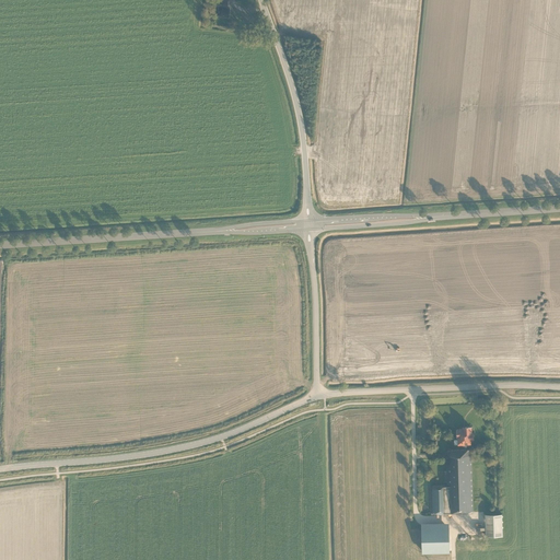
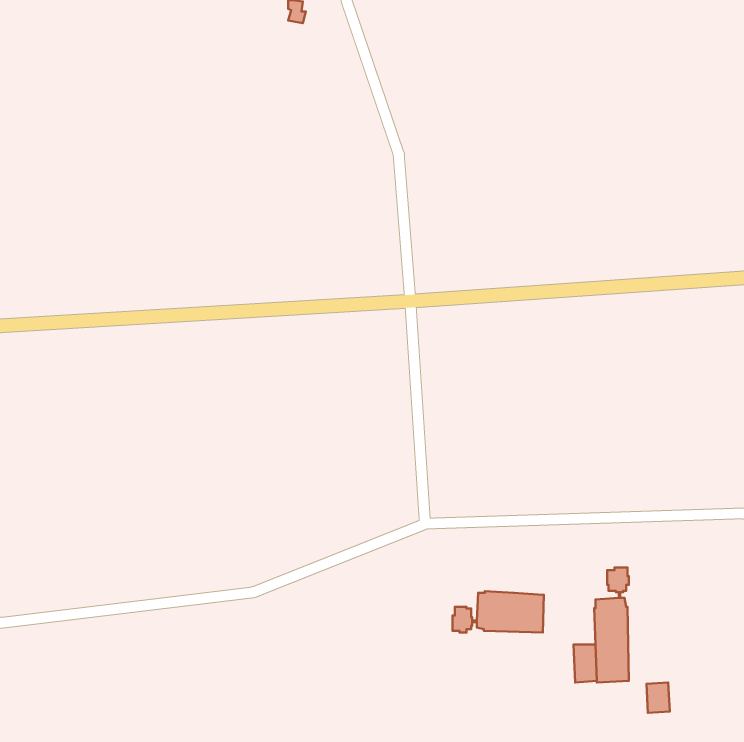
building: none -> [453,591,544,633]
building: [421,529,450,552] -> none

